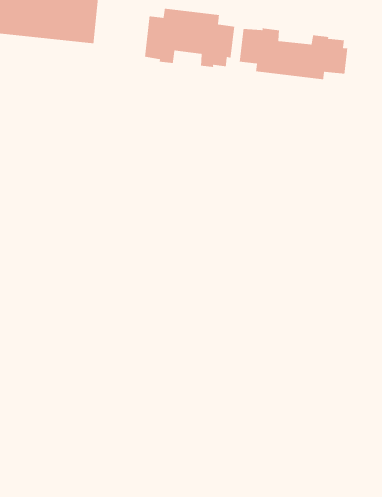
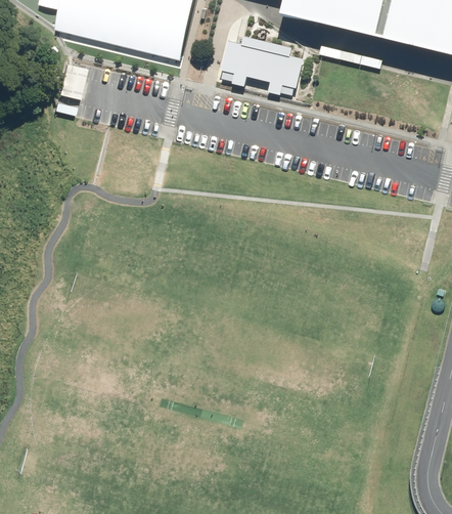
building: [239,28,348,80] -> none

